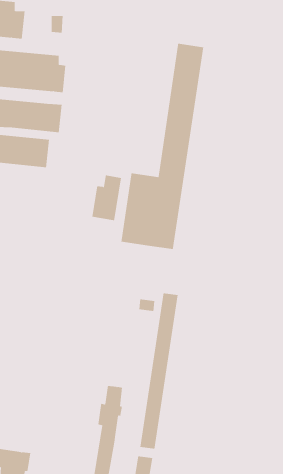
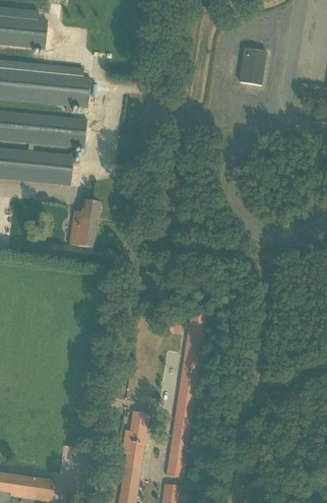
building: none -> [241,48,267,84]
building: [121,43,204,250] -> none
building: [92,175,122,221] -> [68,199,100,247]

